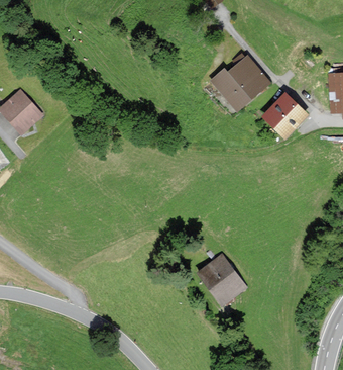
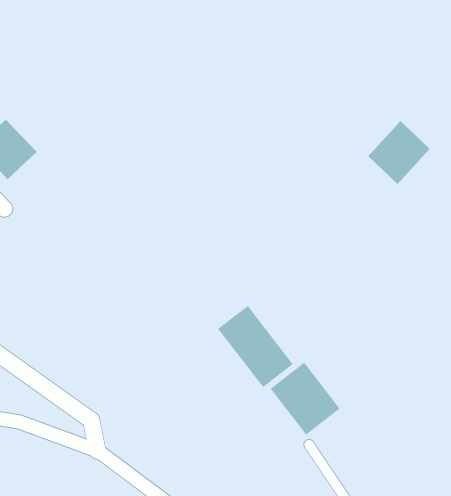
building: [212,54,267,107] -> none
building: none -> [217,305,294,388]

